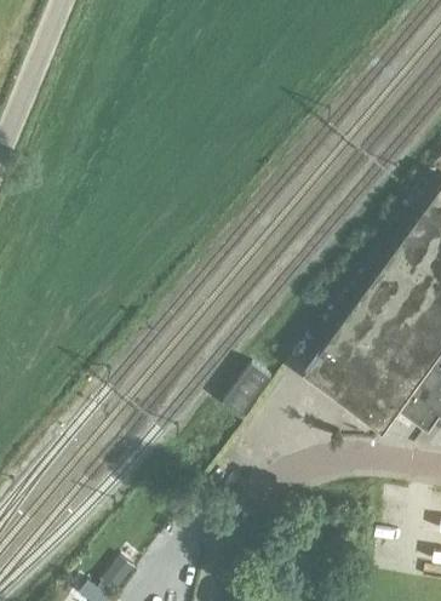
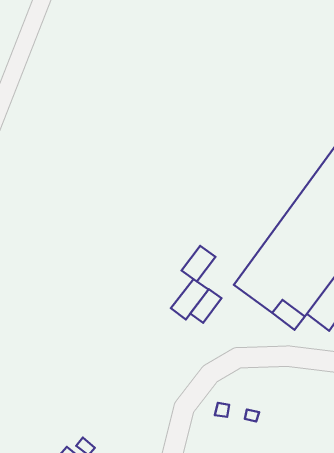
building: none -> [181,246,216,282]
building: none -> [190,289,222,323]

